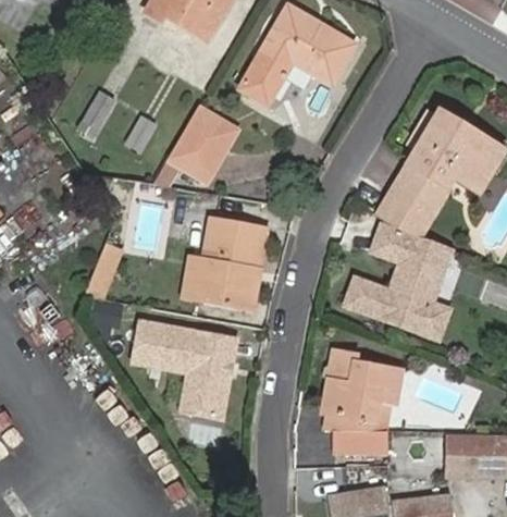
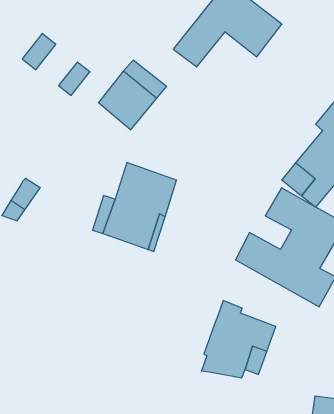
building: [138,324,240,420] -> none
building: [334,429,387,454] -> none

